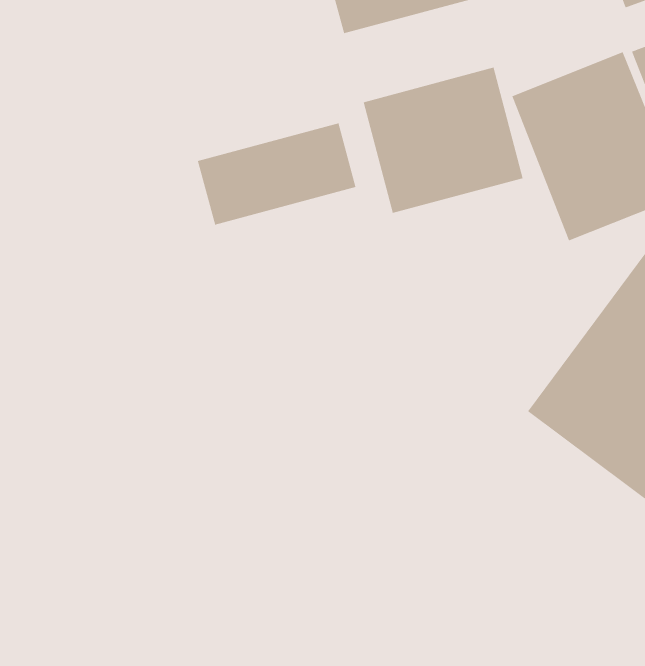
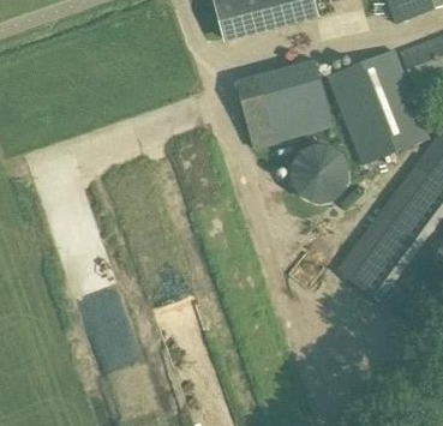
building: [197,123,356,226] -> none
building: none -> [292,144,349,202]

